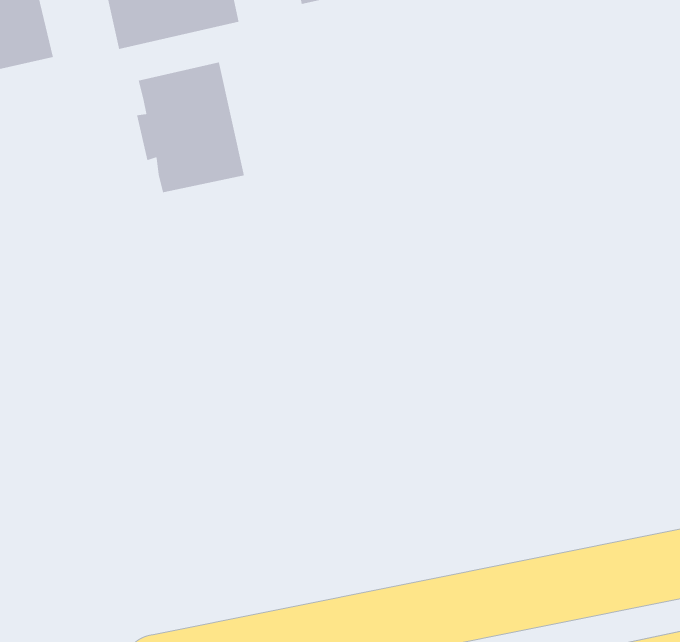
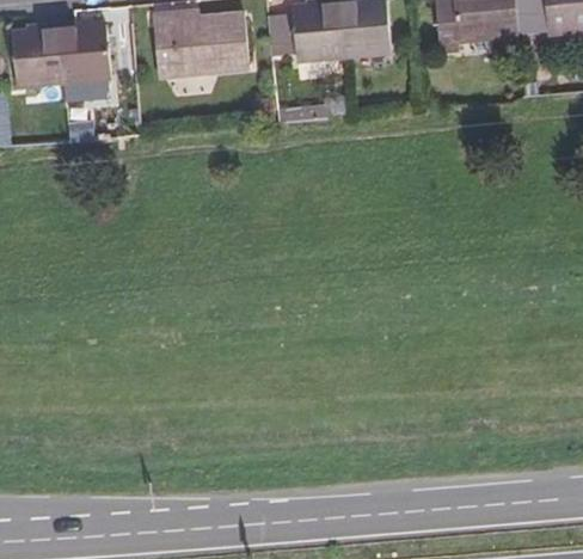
building: [136,62,245,193] -> none

